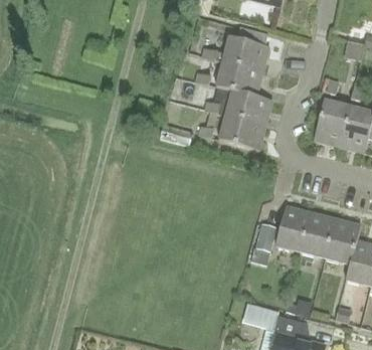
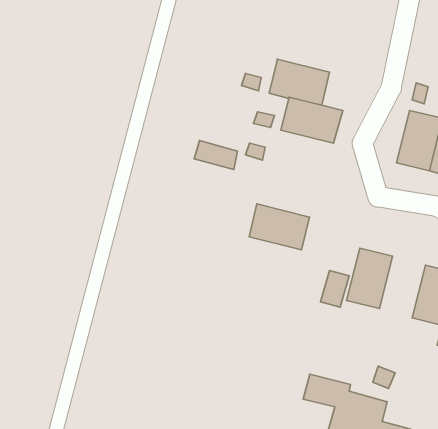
building: [202,26,269,70] -> none
building: [219,115,265,150] -> [249,204,309,250]
building: [301,211,336,258] -> none

